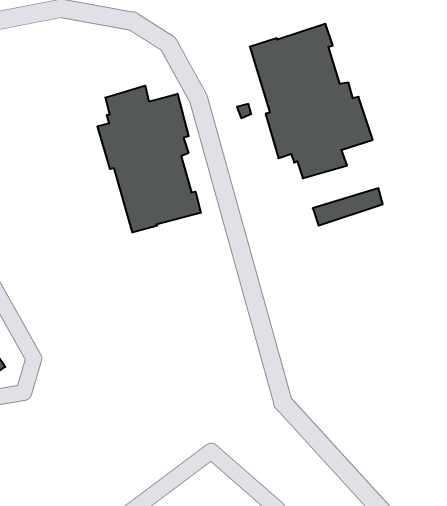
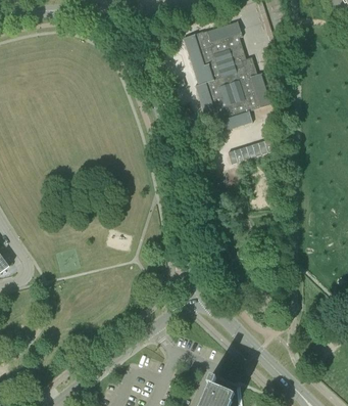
building: [97,86,201,232] -> none

